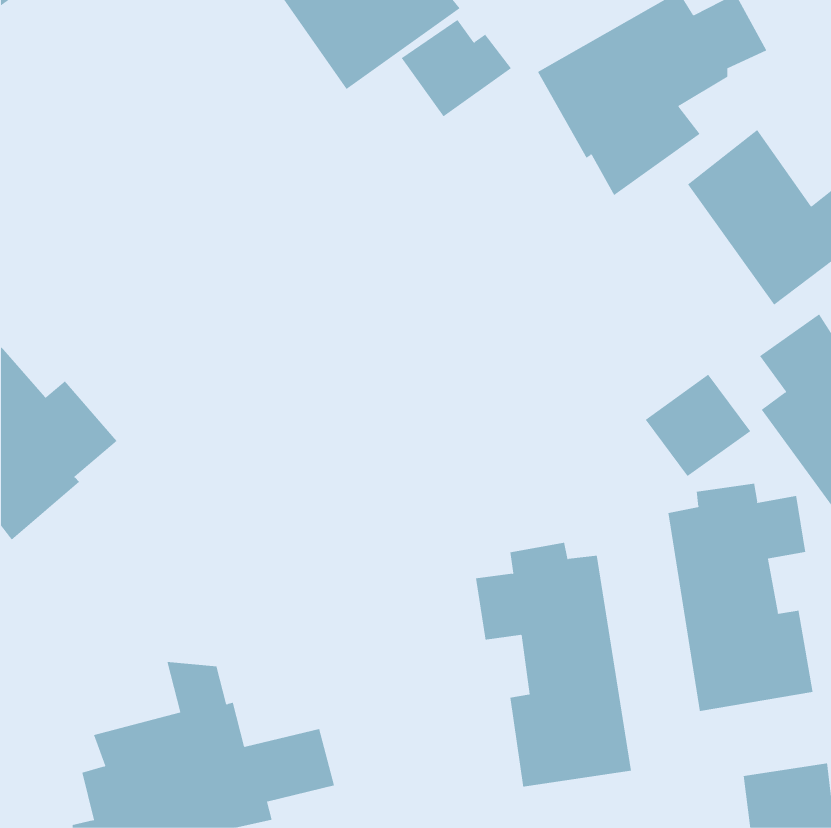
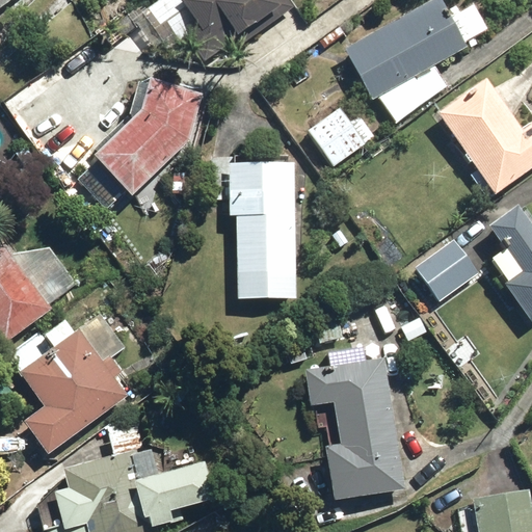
building: [401,19,512,117] -> [304,103,375,165]
building: none -> [91,77,202,197]
building: none -> [209,159,297,300]
building: [668,483,813,712] -> none
building: none -> [8,311,138,458]

